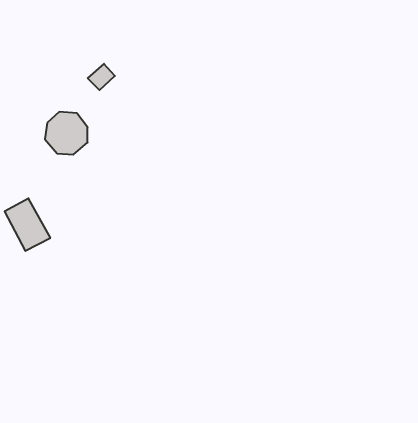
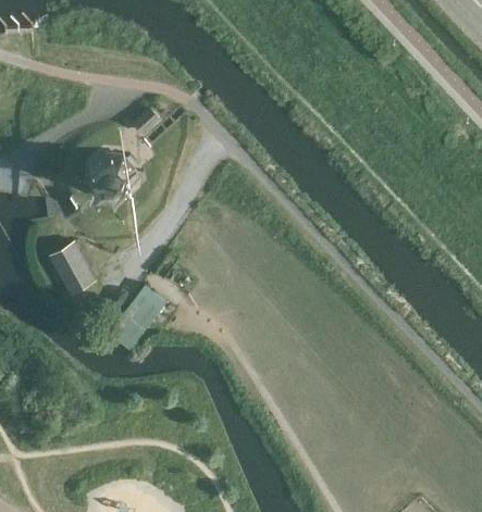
building: none -> [110,290,162,348]

